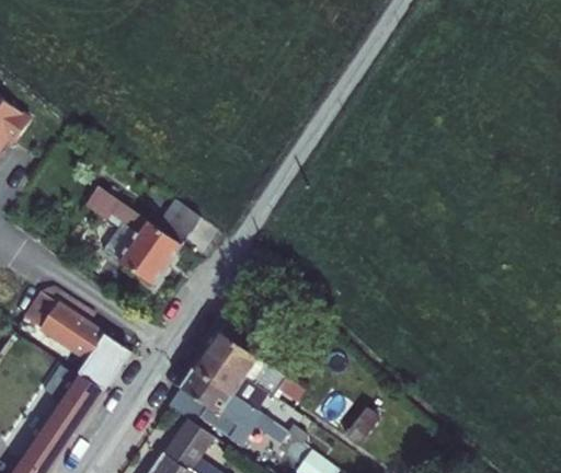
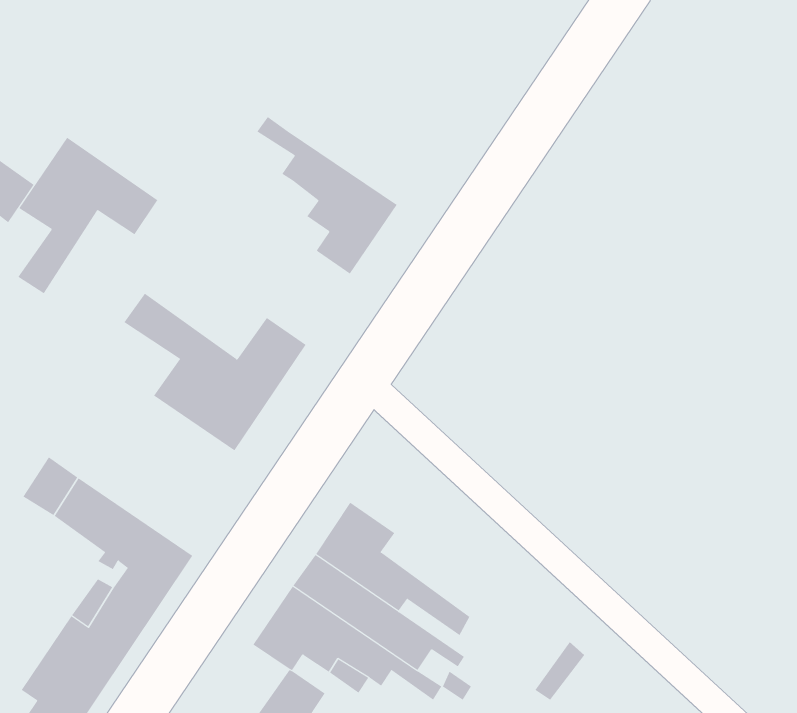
building: none -> [257,116,398,274]
building: none -> [18,137,158,294]

